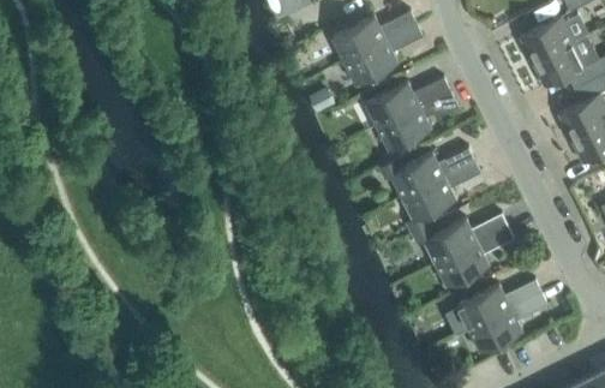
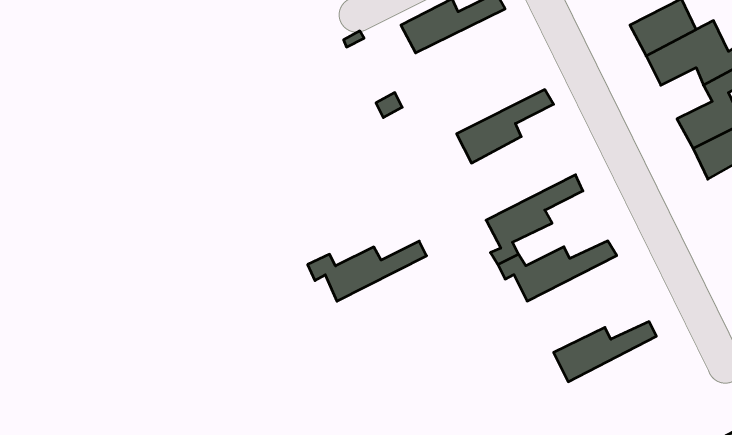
building: [345,24,424,84] -> none
building: [366,77,450,126] -> none
building: [378,148,475,197] -> [308,241,427,301]
building: [436,226,515,286] -> none
building: [469,292,549,352] -> none

